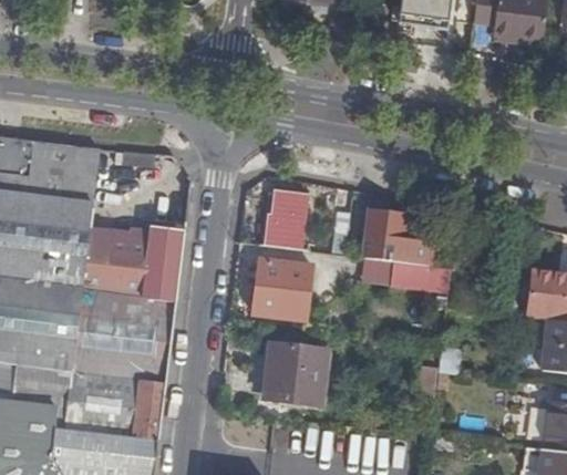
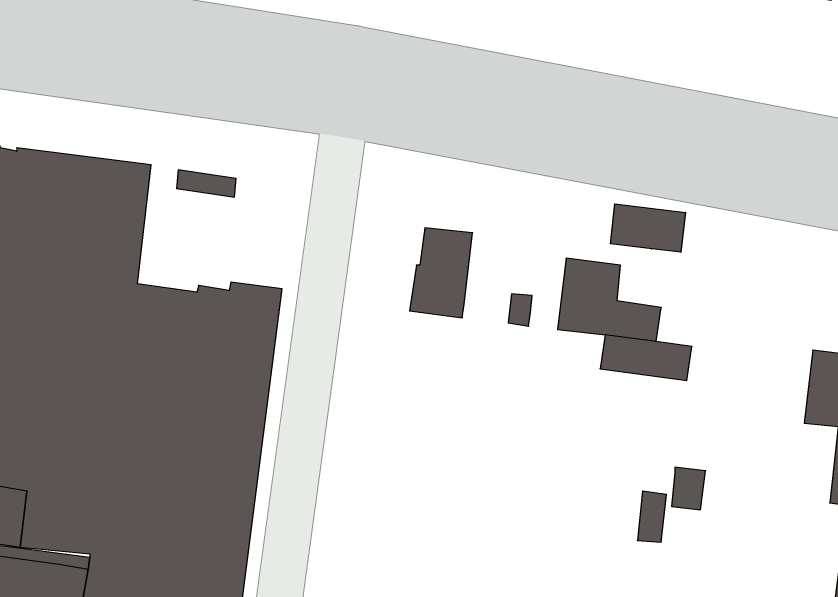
building: none -> [610,204,685,252]
building: [252,260,312,320] -> none
building: [264,343,327,404] -> none

